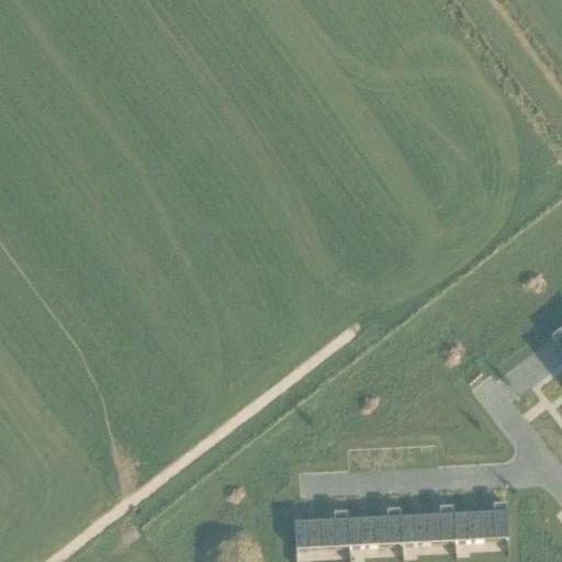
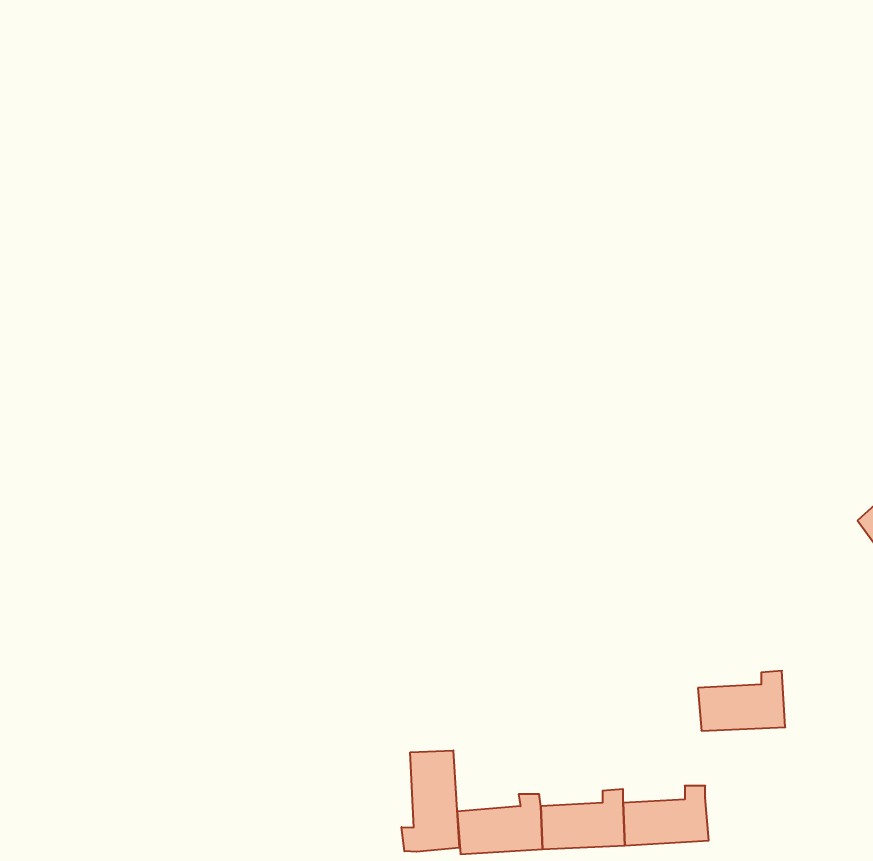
building: none -> [402,750,459,852]
building: [453,501,509,539] -> [698,671,785,731]

